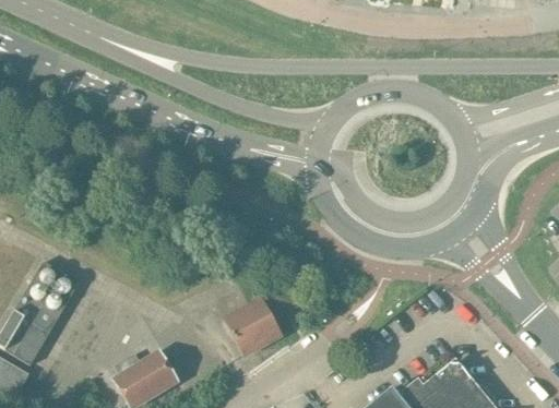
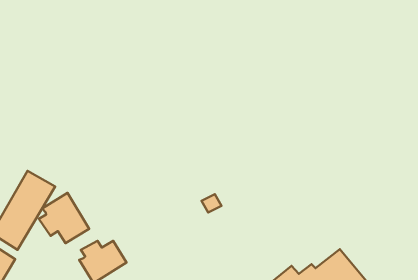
building: none -> [39,193,89,243]
building: [225,300,285,358] -> none

